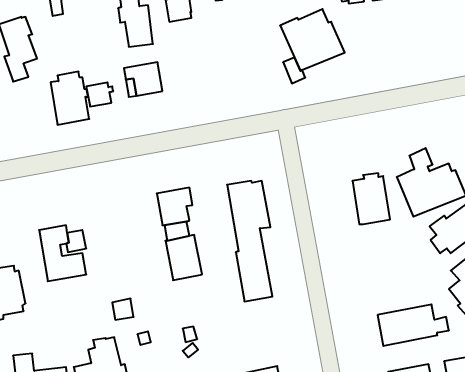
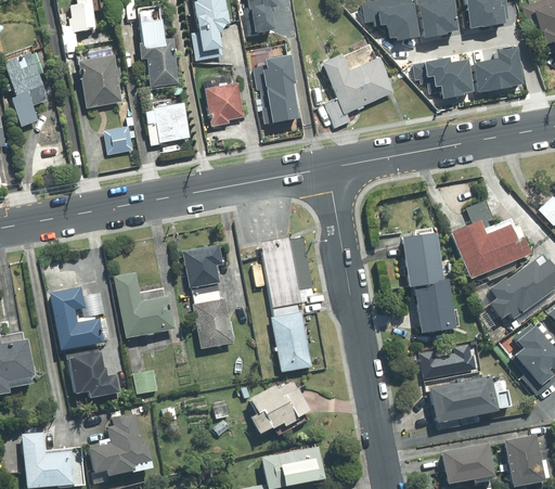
building: none -> [474,49,521,90]
building: none -> [251,55,298,124]
building: none -> [412,57,472,99]
building: none -> [202,75,243,127]
building: [51,72,89,125] -> [78,49,121,108]
building: none -> [113,272,175,338]
building: none -> [414,281,459,334]
building: none -> [418,345,475,378]
building: none -> [65,349,119,398]
building: none -> [248,381,310,434]

